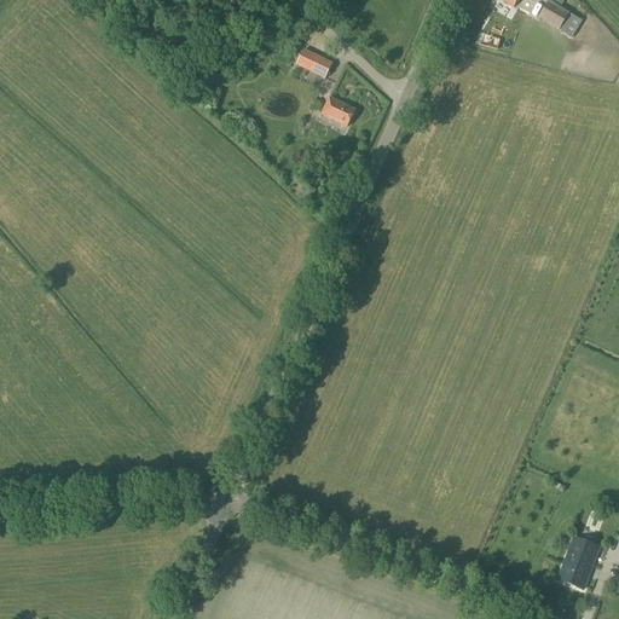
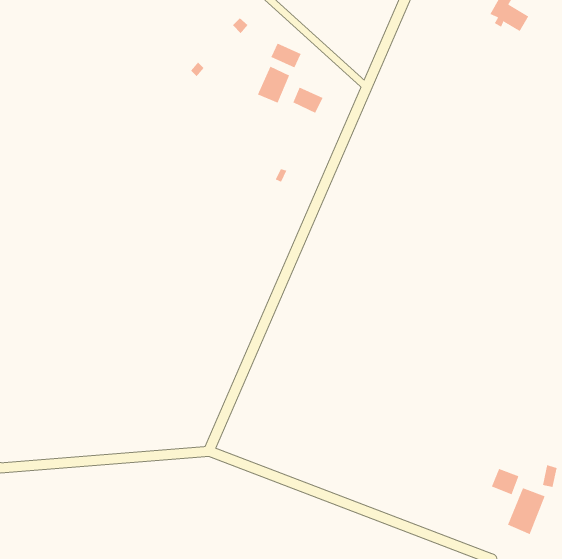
building: none -> [257,66,290,103]
building: none -> [491,468,519,495]

